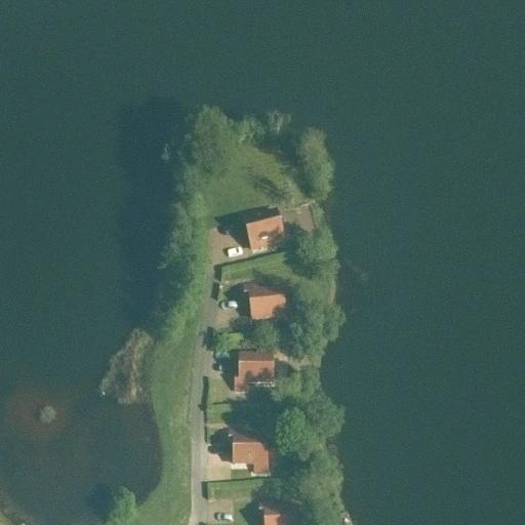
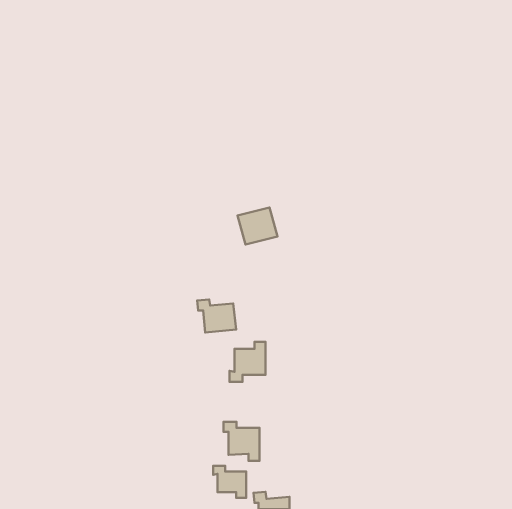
building: [244,286,284,320] -> [197,300,236,333]
building: none -> [213,466,246,498]

